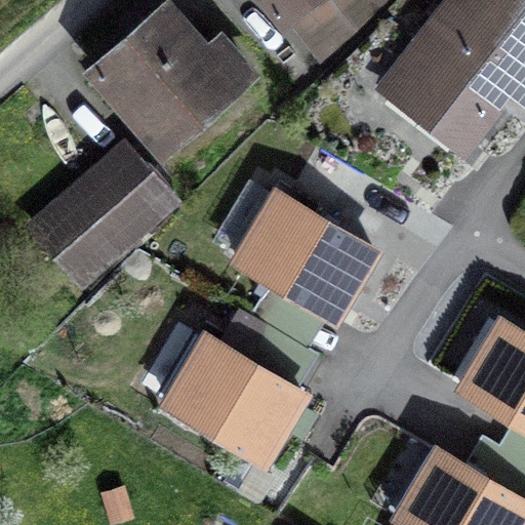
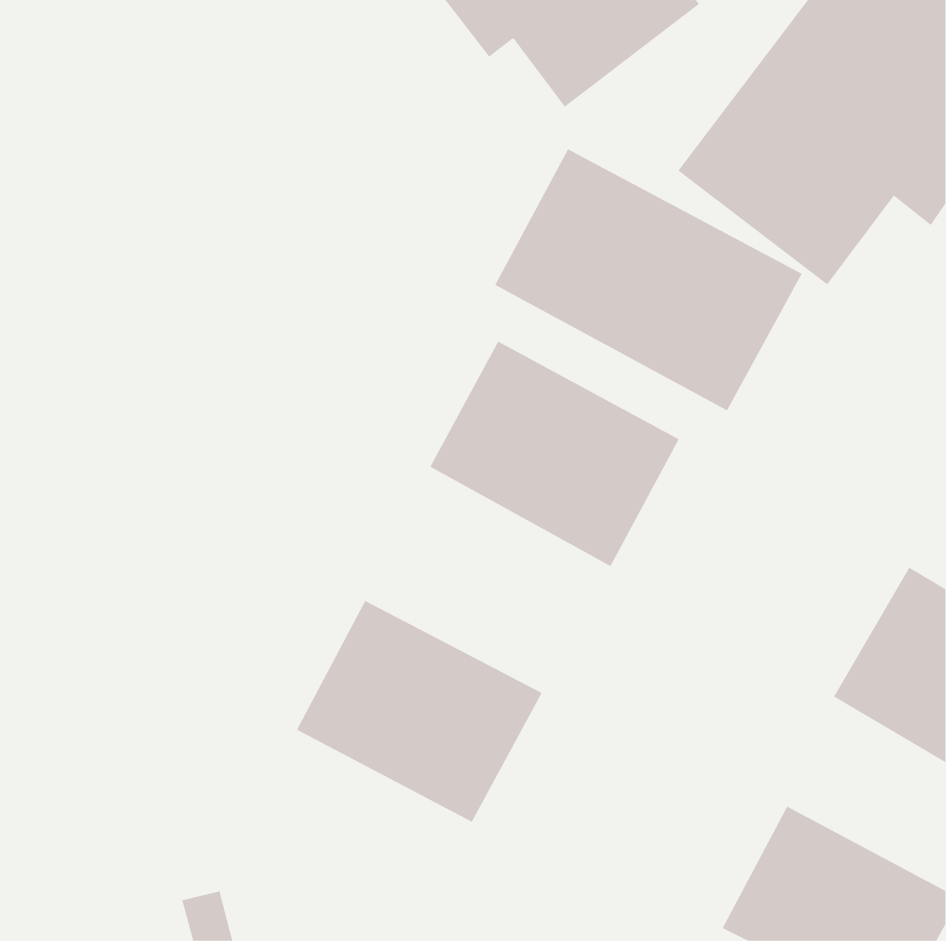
building: [80,8,251,163] -> none
building: none -> [494,148,802,411]
building: [25,150,172,292] -> none

